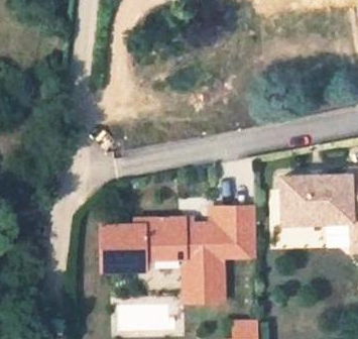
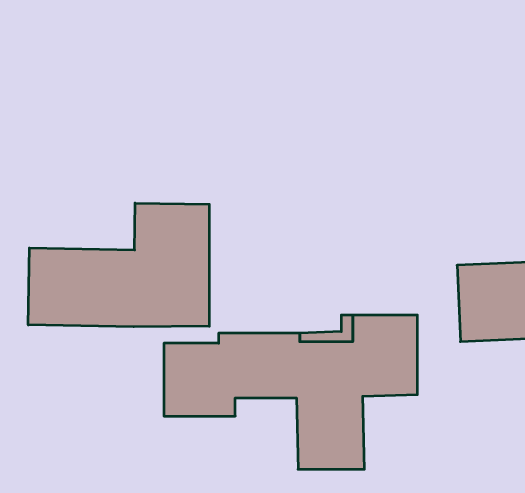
building: none -> [28,203,209,327]

